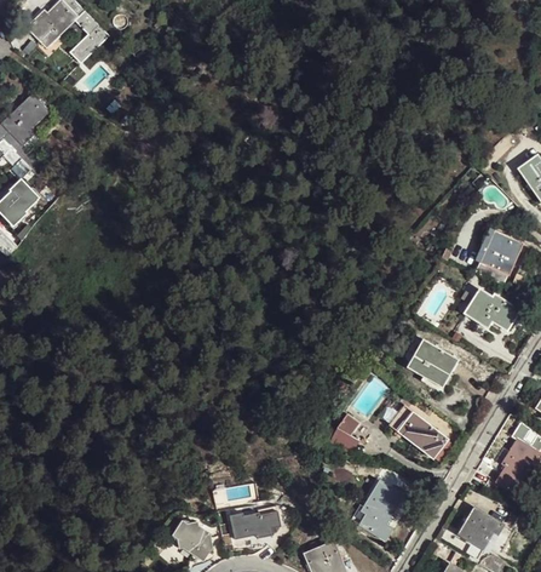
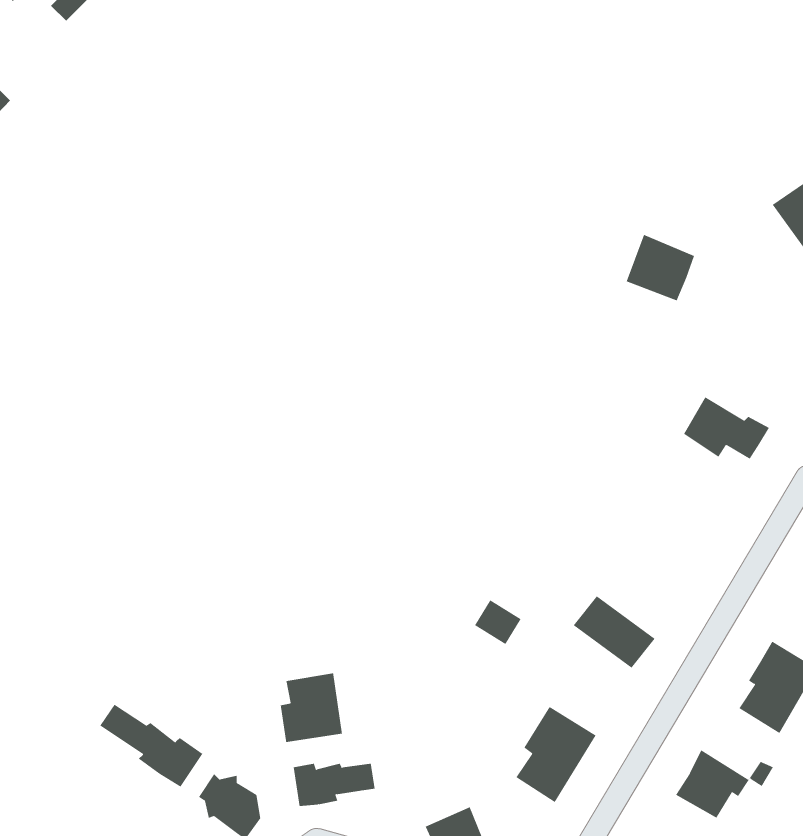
building: [476,233,518,274] -> [626,234,695,301]
building: [410,343,454,388] -> none
building: none -> [280,673,343,743]
building: none -> [100,704,203,787]

